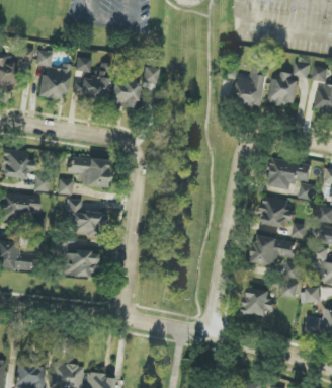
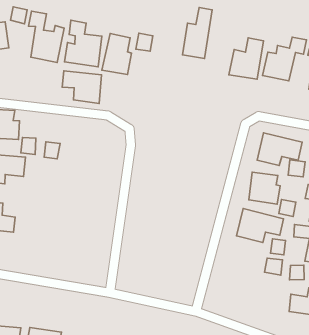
building: none -> [182,8,212,59]
building: [70,157,108,187] -> [62,71,102,103]
building: [66,199,105,235] -> none
building: [64,250,99,277] -> none
building: [245,288,277,318] -> none

